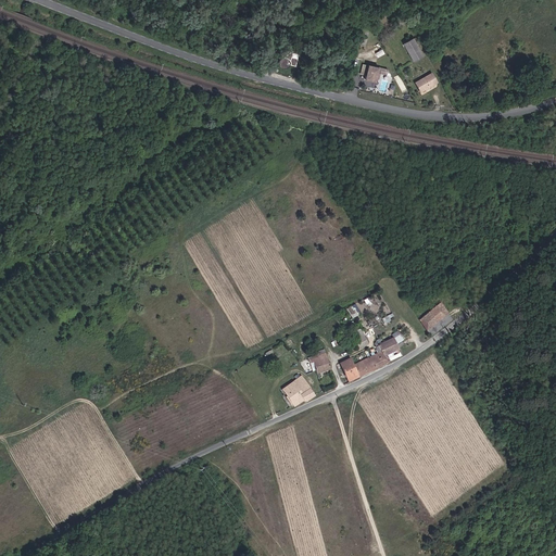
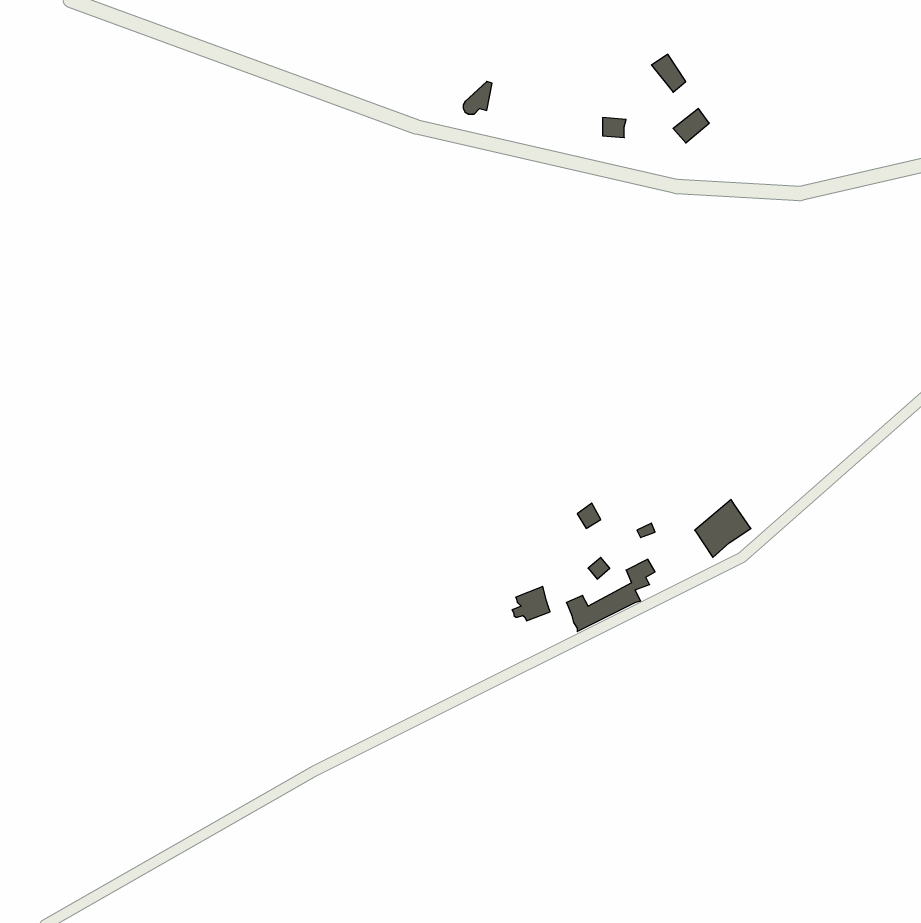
building: [285,376,316,404] -> none

